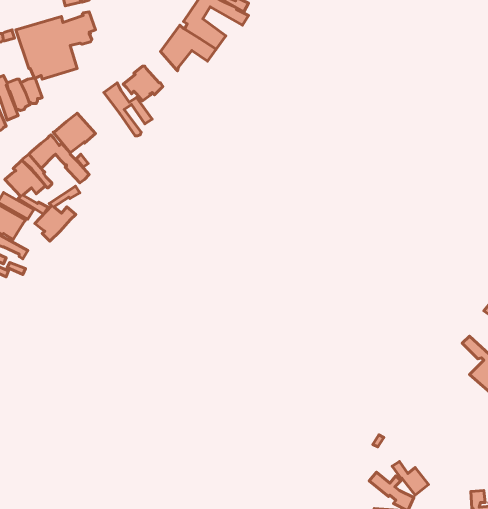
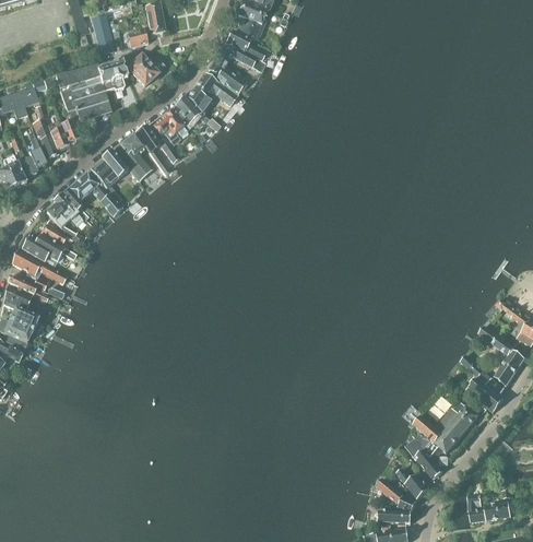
building: none -> [120,56,164,85]
building: none -> [173,96,220,131]
building: none -> [111,133,152,180]
building: [35,186,80,241] -> none
building: none -> [404,402,476,483]

